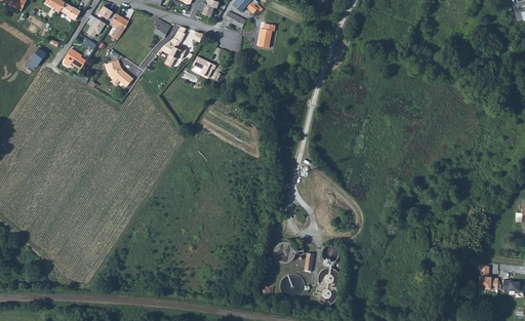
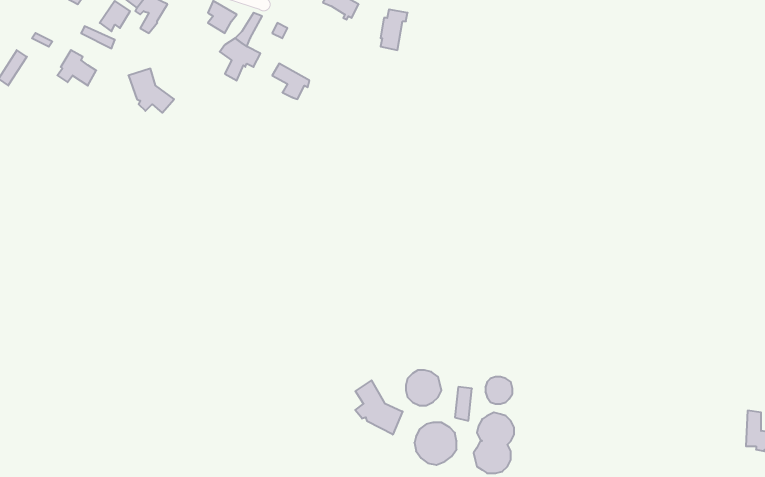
building: none -> [355,380,403,435]

